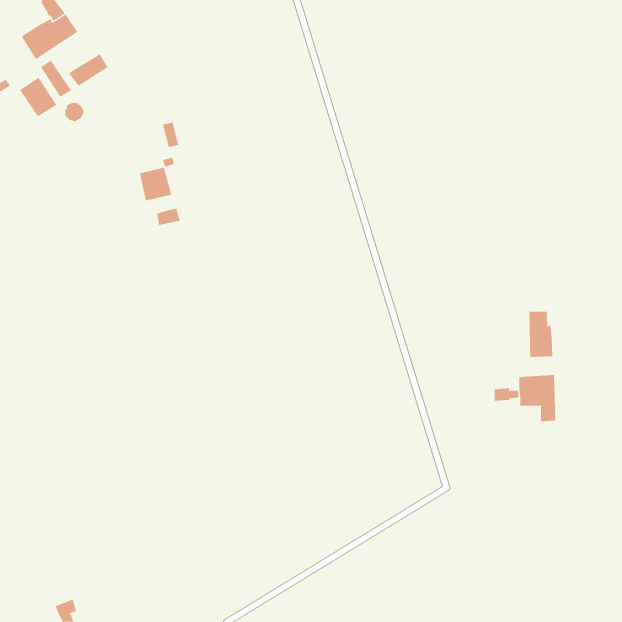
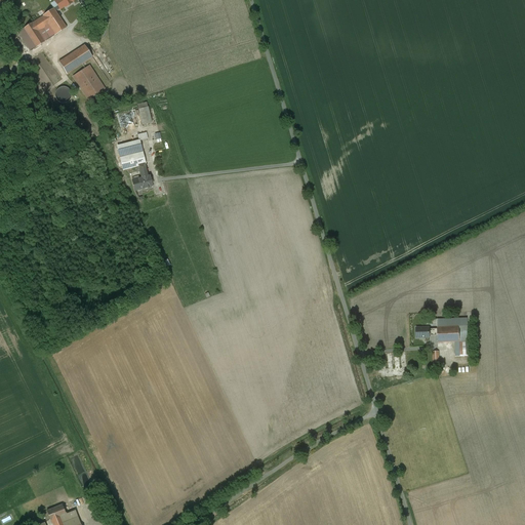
building: [19,77,57,117] -> [72,65,104,98]
building: [529,311,553,358] -> none

